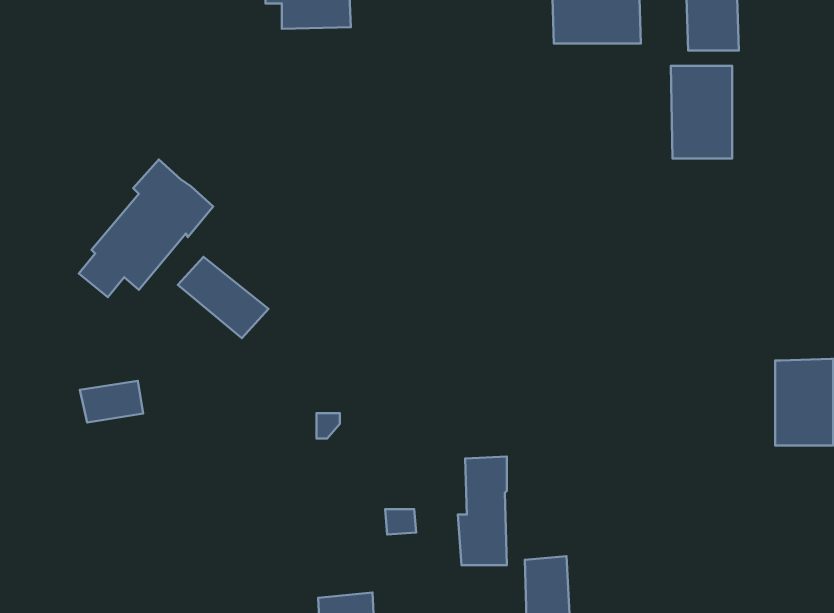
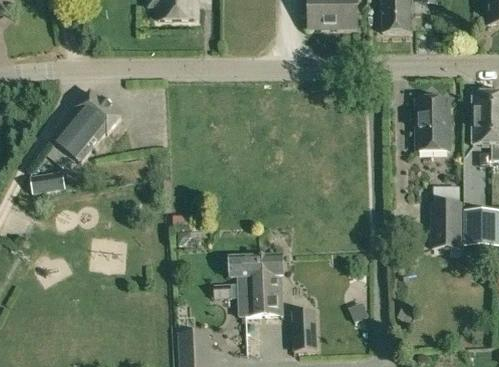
building: [671,66,732,158] -> [415,98,449,149]
building: [178,257,268,338] -> none
building: [80,381,143,423] -> [29,170,64,193]
building: none -> [229,255,260,315]

